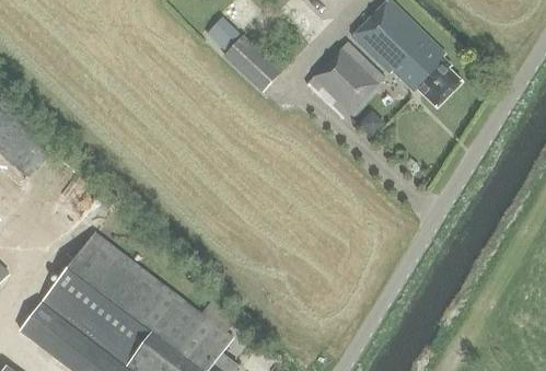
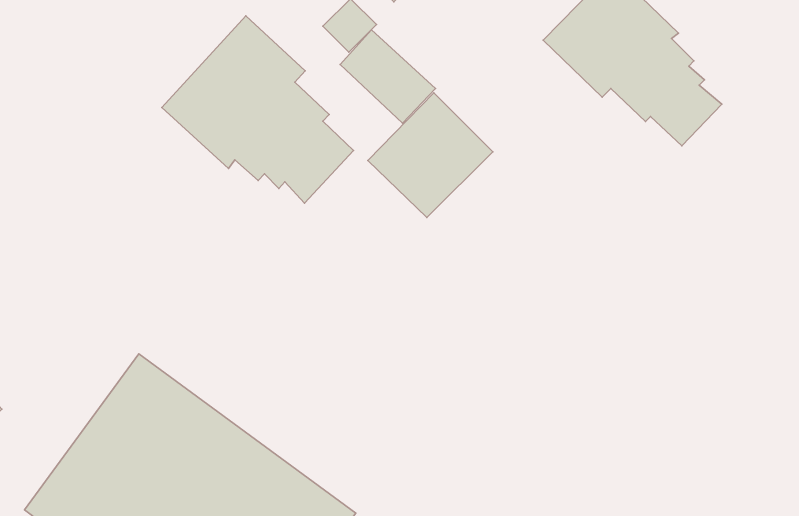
building: none -> [162,16,354,203]
building: [305,42,384,120] -> [368,93,493,218]

